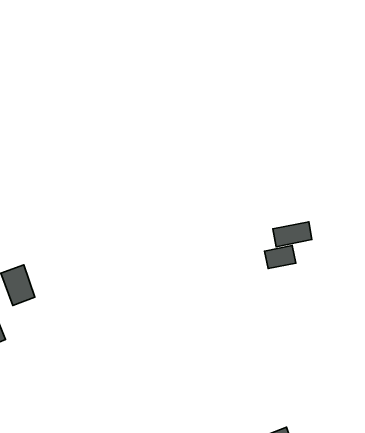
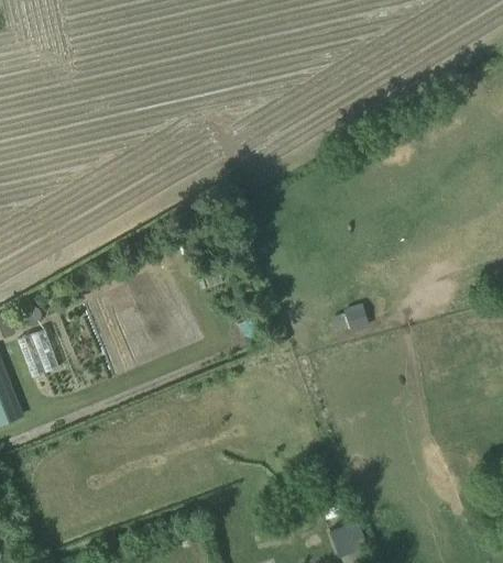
building: [273,222,312,247] -> none

